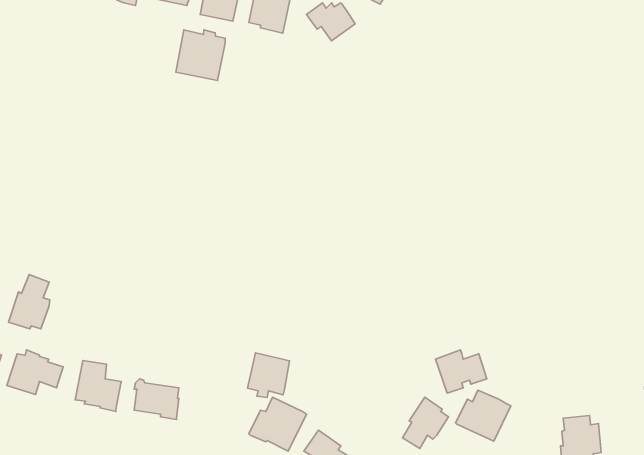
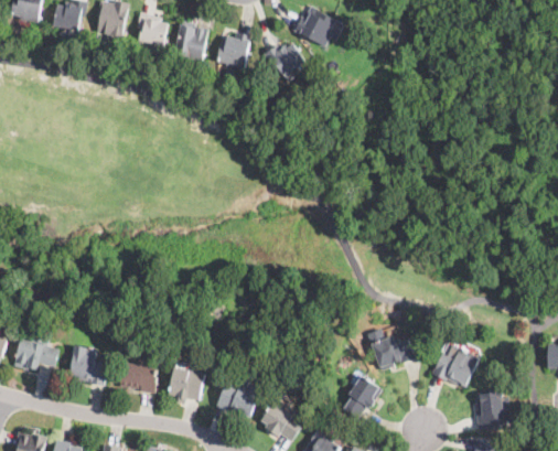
building: [176,30,225,80] -> none
building: [9,274,50,329] -> none
building: [248,353,290,397] -> [169,366,204,404]
building: [456,390,511,441] -> [433,344,480,387]

